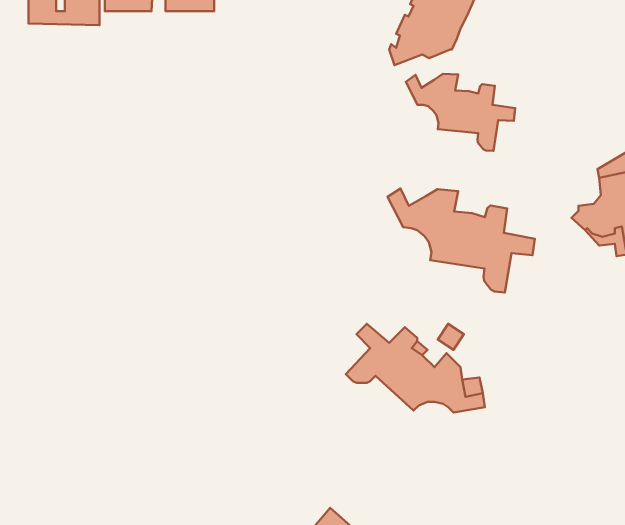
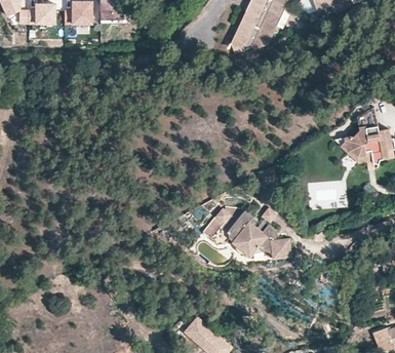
building: [406,74,515,151] -> none
building: [388,188,535,292] -> none

